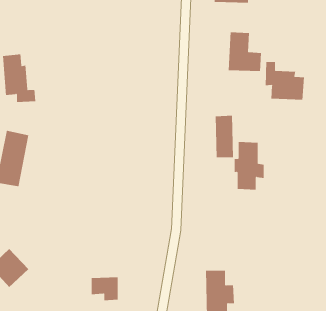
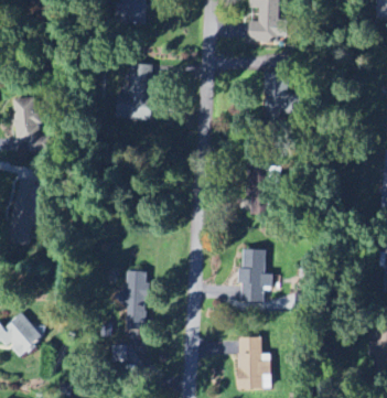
building: none -> [118,61,152,120]
building: [265,61,305,101] -> none
building: [234,142,265,190] -> [237,248,271,302]
building: none -> [119,270,148,329]

